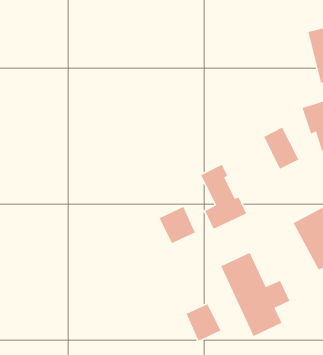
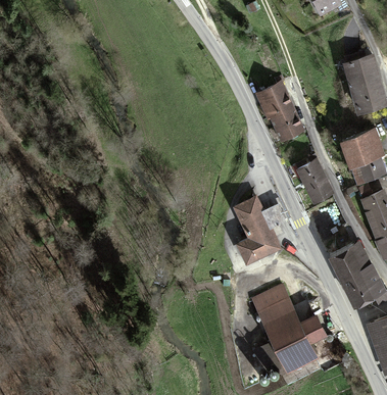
building: none -> [255,82,304,140]
building: [158,206,196,244] -> none
building: [185,303,221,342] -> none

